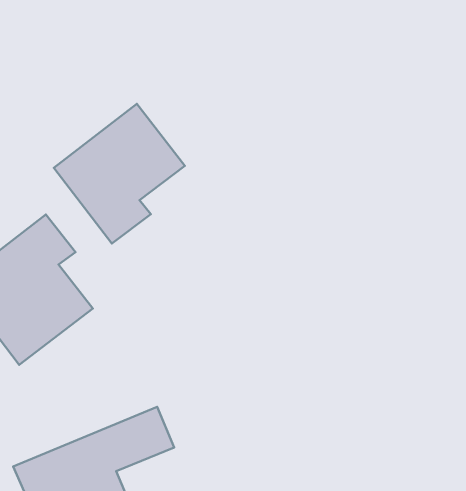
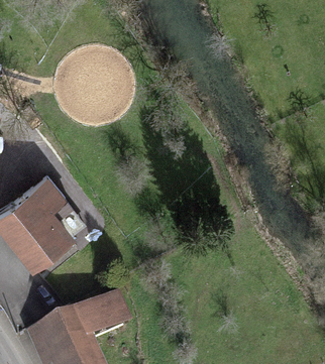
building: [54,104,185,243] -> none

